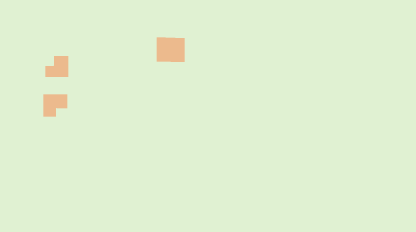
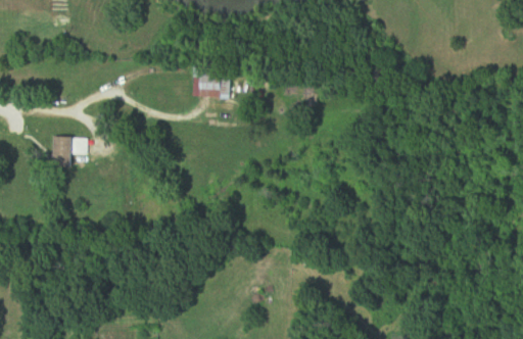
building: [45,55,69,78] -> none

